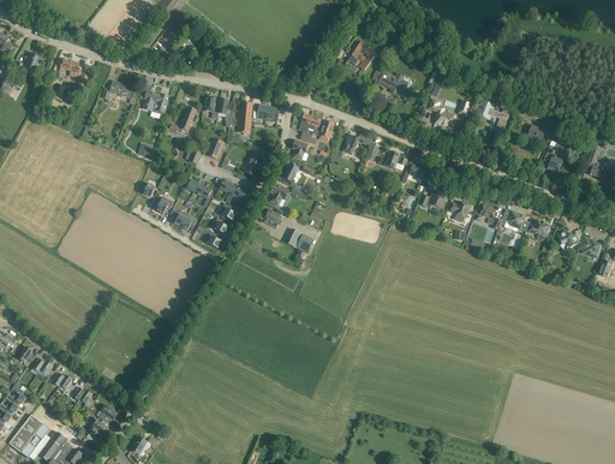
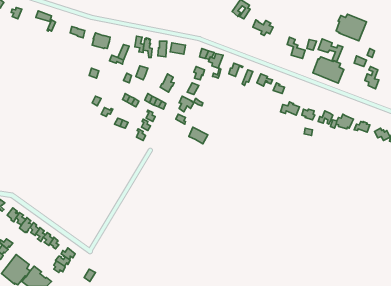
building: none -> [336,14,366,41]
building: none -> [313,57,344,83]

